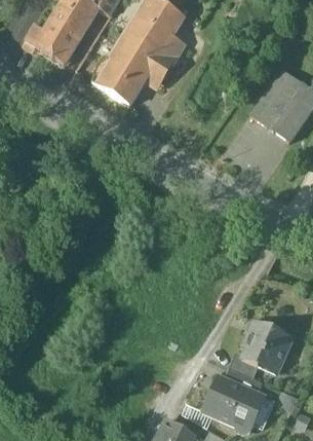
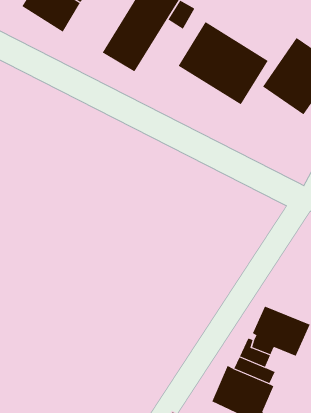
building: none -> [178,21,269,105]

